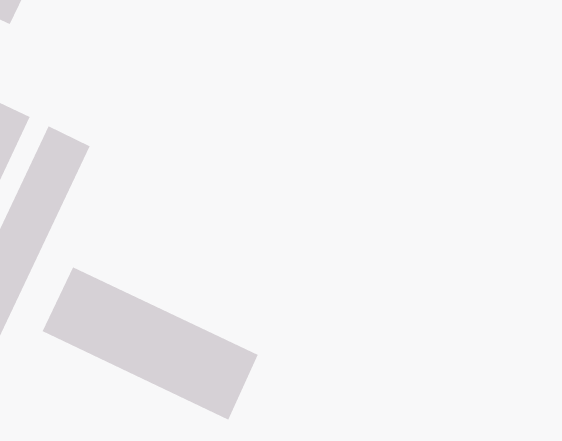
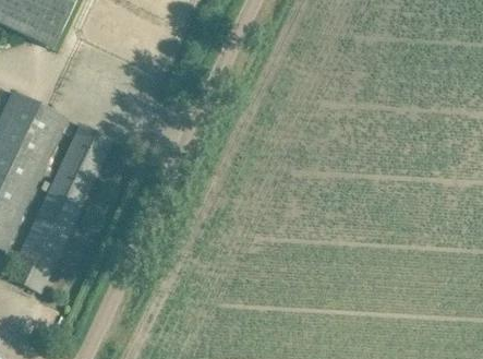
building: [42,267,258,420] -> none

